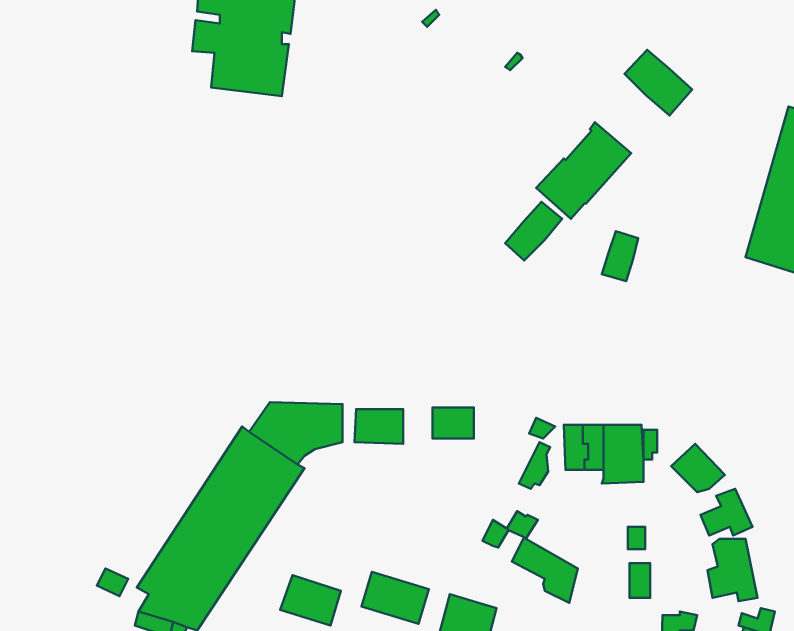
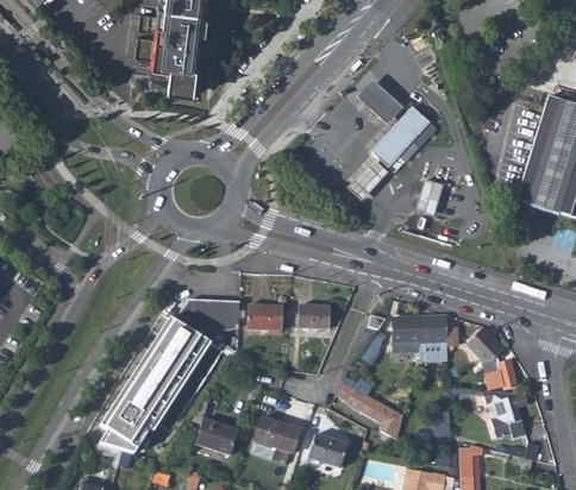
building: [625,50,692,115] -> [359,82,406,127]

